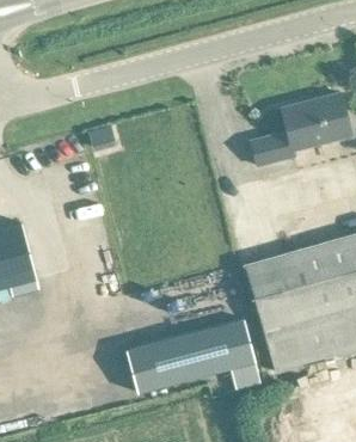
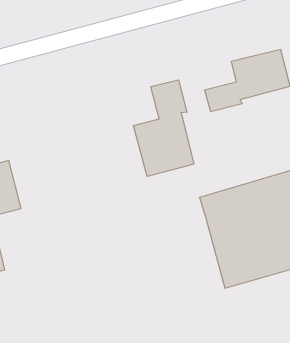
building: none -> [133,80,194,176]
building: [129,320,262,394] -> none

